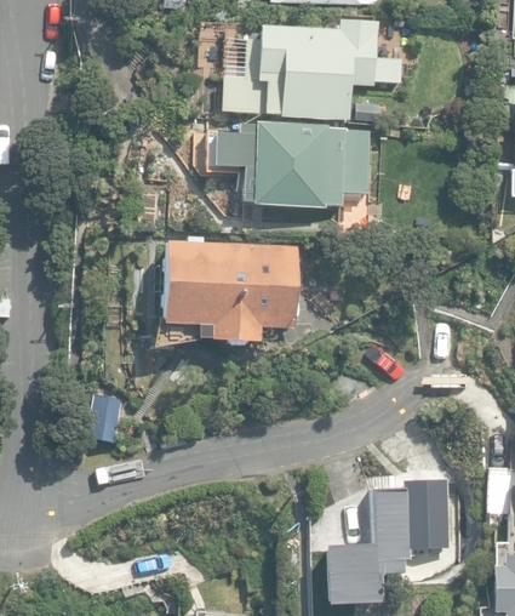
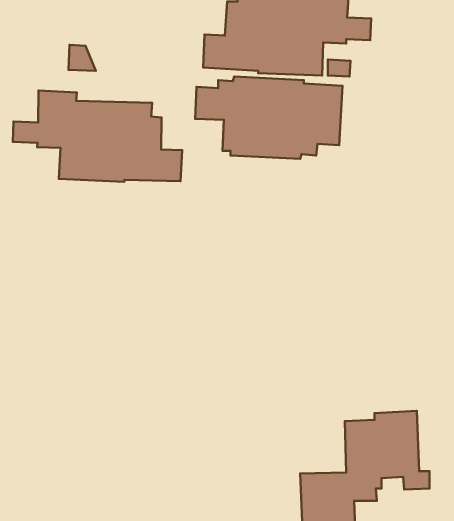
building: none -> [13,90,182,182]
building: [164,235,302,341] -> none

